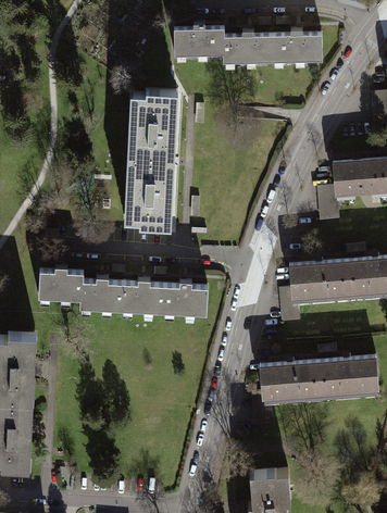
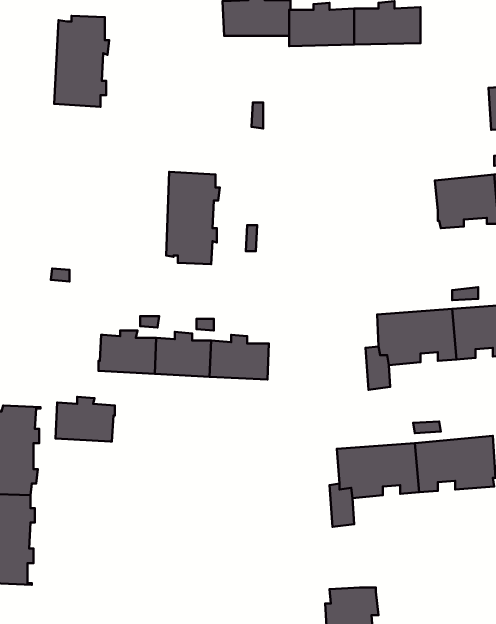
building: [132,91,173,160] -> [54,16,109,107]
building: [317,187,336,220] -> none
building: [37,266,82,300] -> [56,397,115,441]

